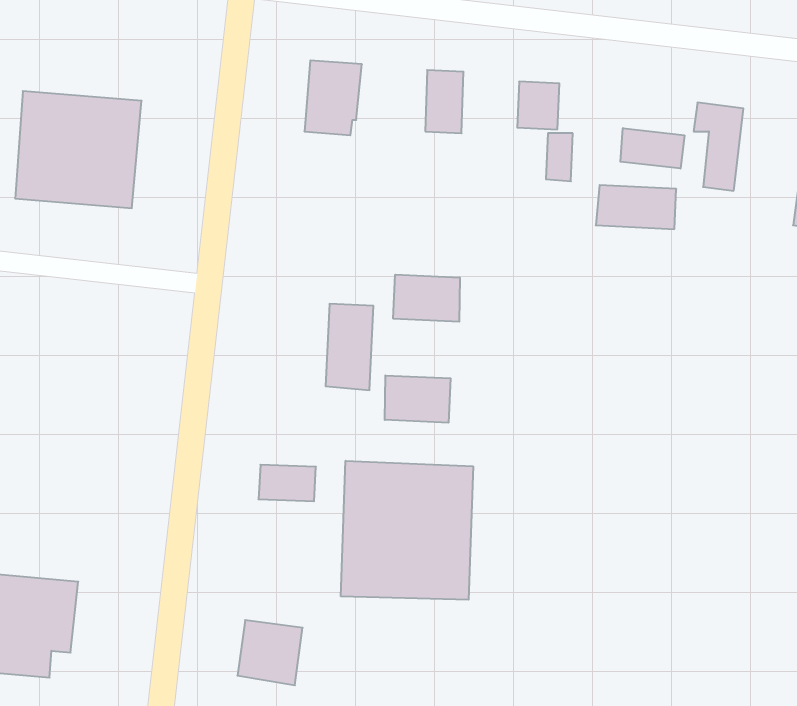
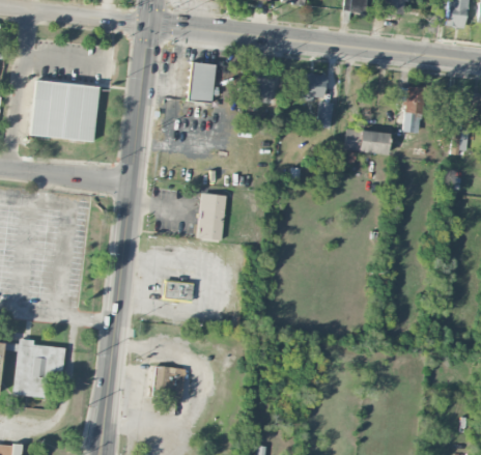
building: [620,128,684,169] -> none
building: [393,275,460,322] -> none
building: [385,375,451,423] -> none
building: [341,461,473,600] -> none

